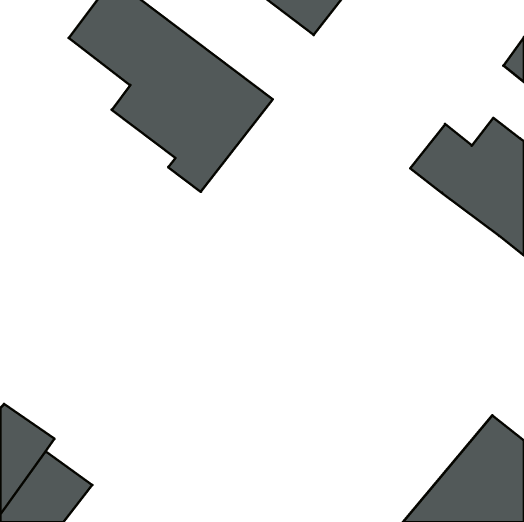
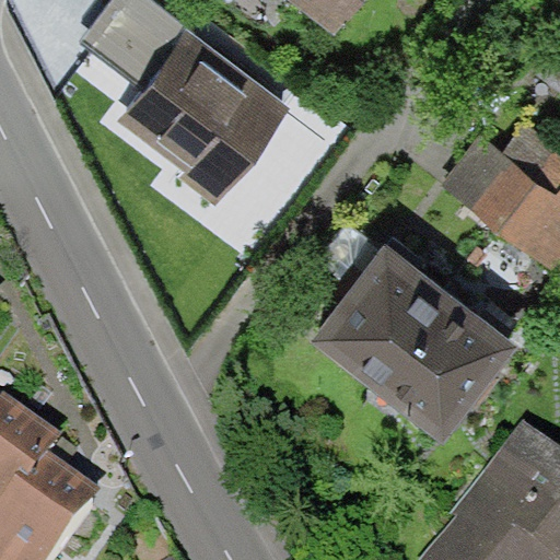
building: none -> [307,244,516,445]

